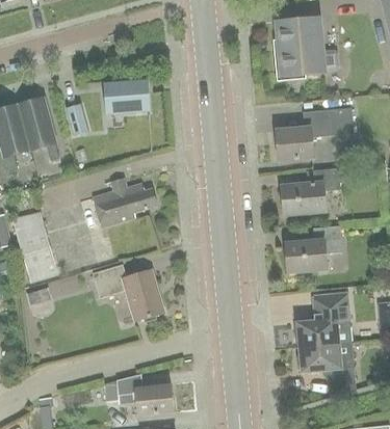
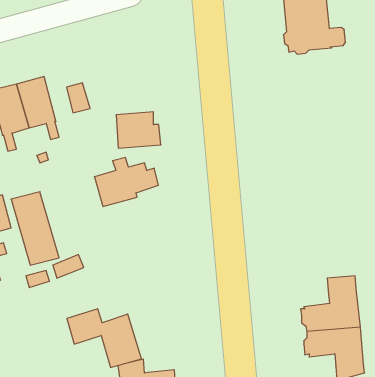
building: [105,79,149,114] -> [116,112,161,148]
building: [276,108,354,160] -> none
building: [281,168,339,215] -> none
building: [286,225,341,272] -> none
building: [92,264,164,321] -> [67,309,142,367]

